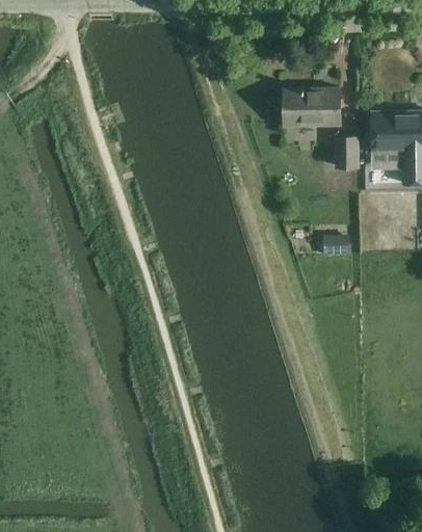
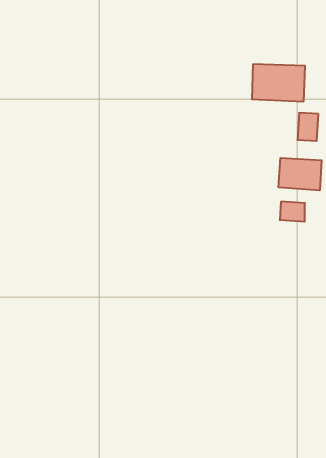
building: none -> [279,158,322,190]

